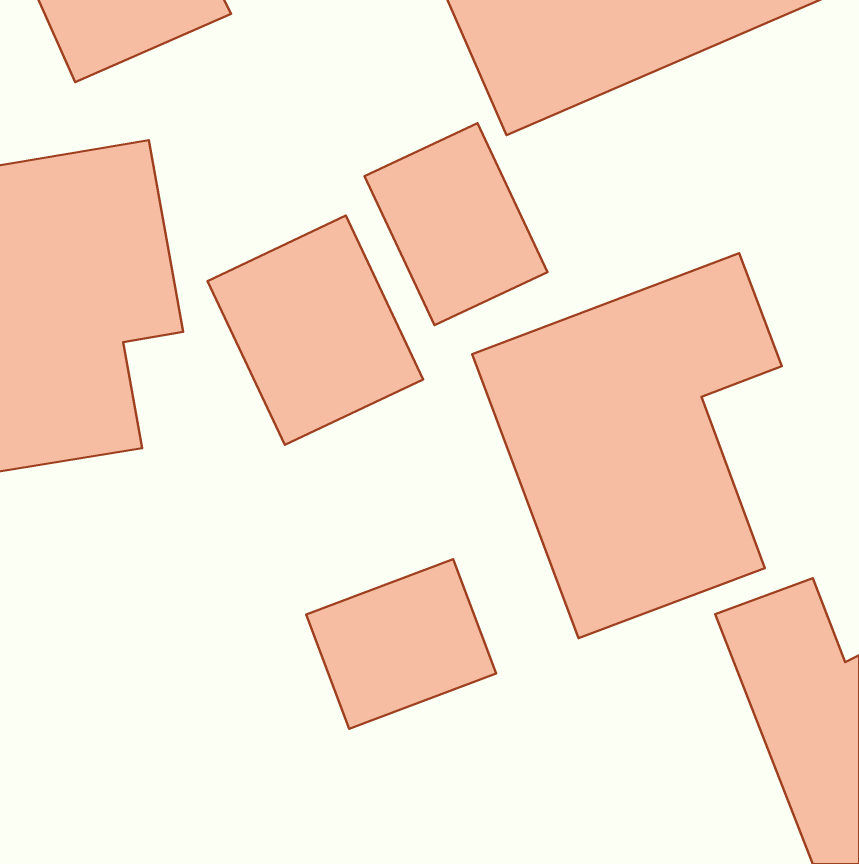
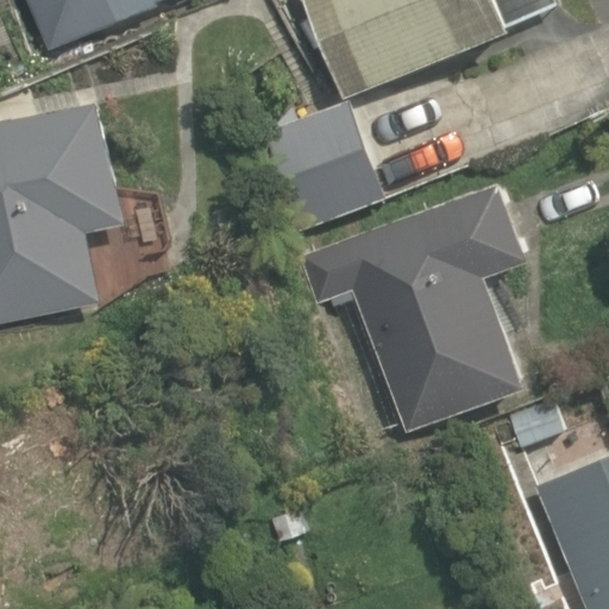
building: [208,216,423,445] -> none
building: [306,559,496,729] -> none

